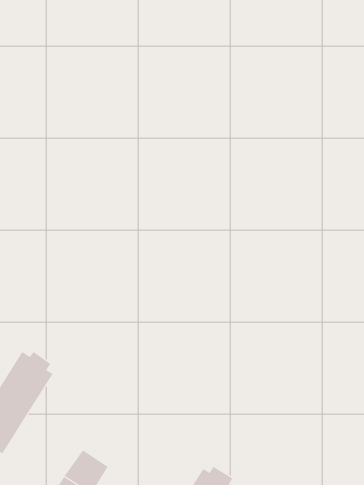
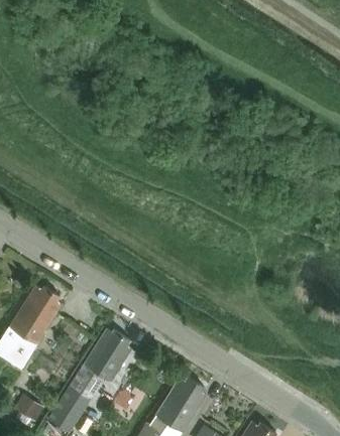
building: none -> [86,330,131,382]

